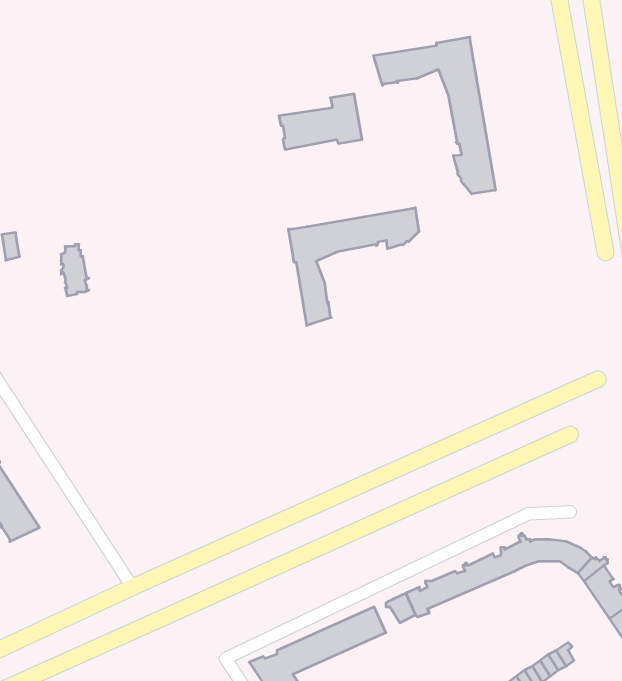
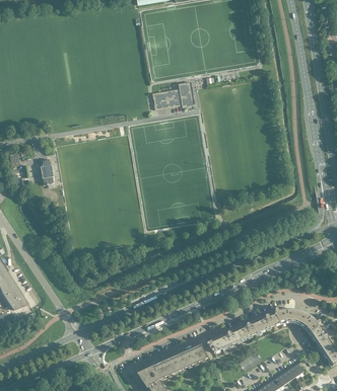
building: [373,37,495,194] -> none
building: [288,208,419,326] -> none

